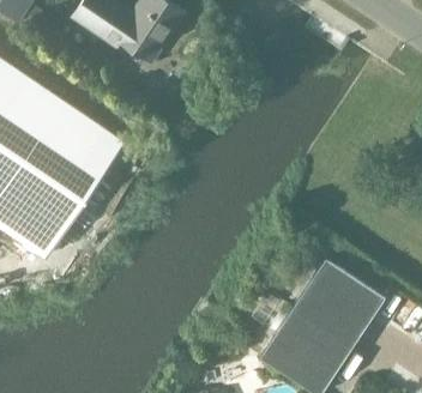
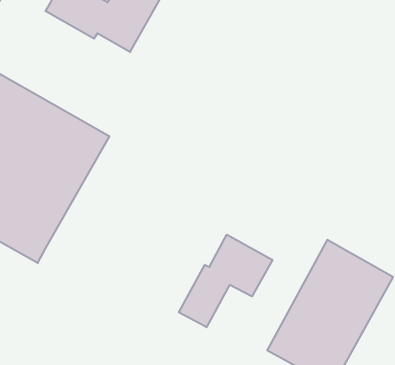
building: none -> [179,235,272,327]

